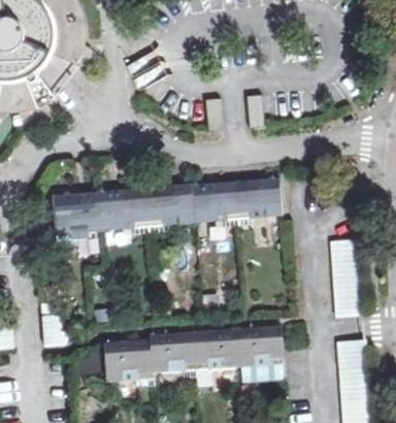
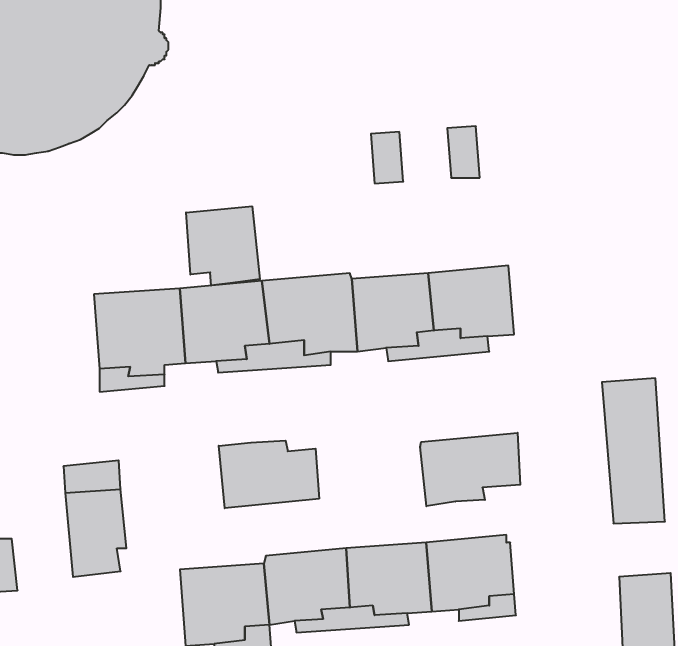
building: none -> [186,206,260,286]
building: none -> [420,433,520,506]
building: none -> [219,441,319,508]

